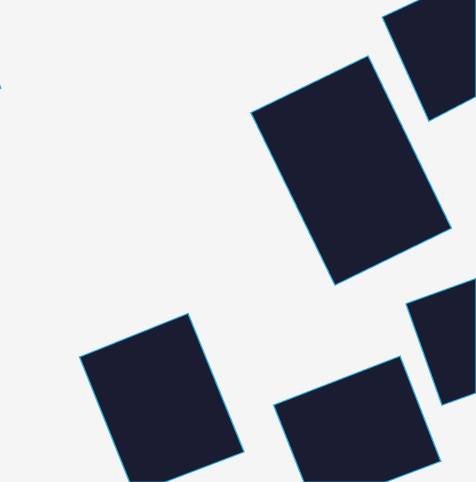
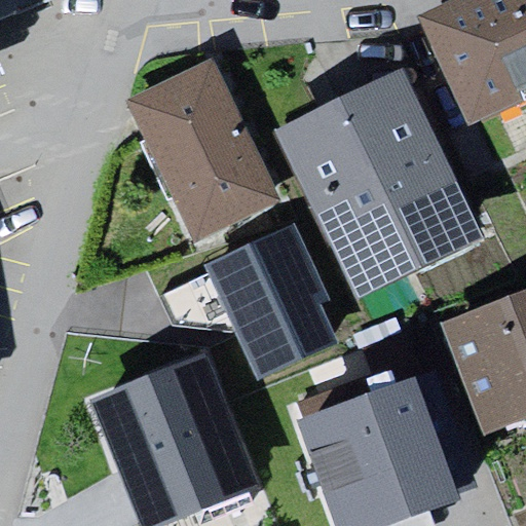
building: none -> [123,50,280,236]
building: none -> [209,225,345,378]

